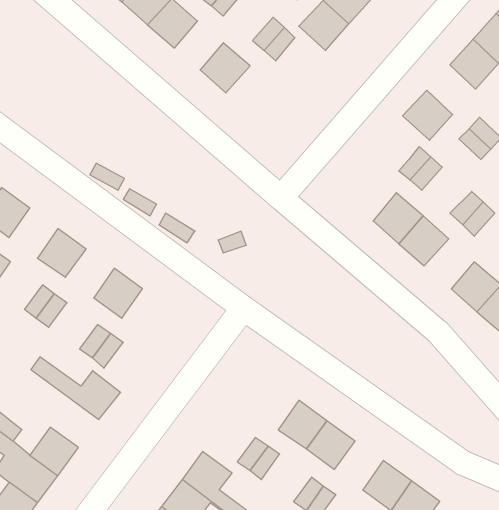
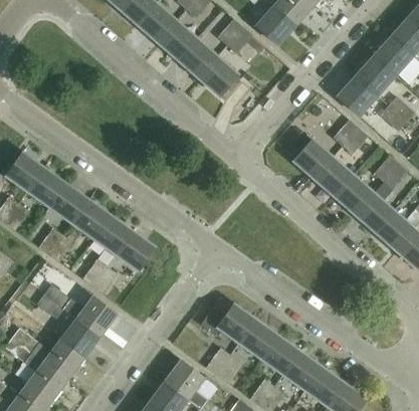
building: none -> [158,22,196,60]
building: none -> [356,56,394,95]
building: none -> [198,57,237,96]
building: none -> [285,133,332,179]
building: none -> [28,169,66,208]
building: none -> [354,193,393,232]
building: none -> [72,201,111,239]
building: none -> [117,232,155,270]
building: none -> [38,295,98,357]
building: none -> [200,297,255,343]
building: none -> [283,352,322,390]

